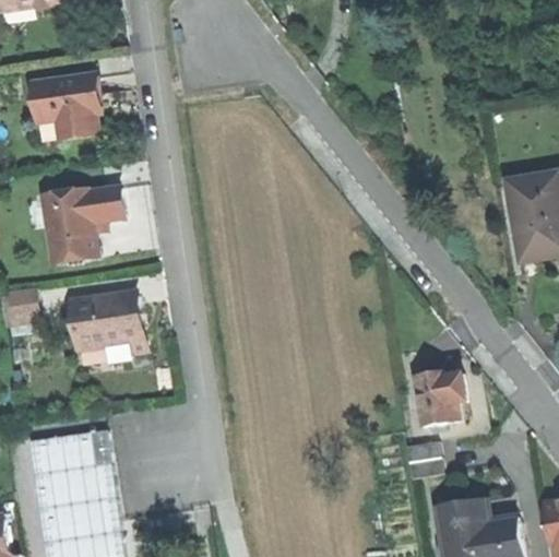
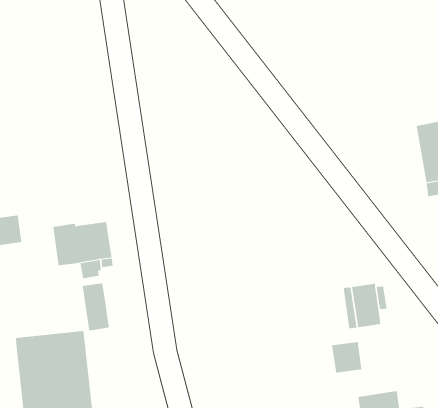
building: [31,75,96,139] -> none
building: [44,188,124,263] -> none
building: none -> [82,282,110,331]

